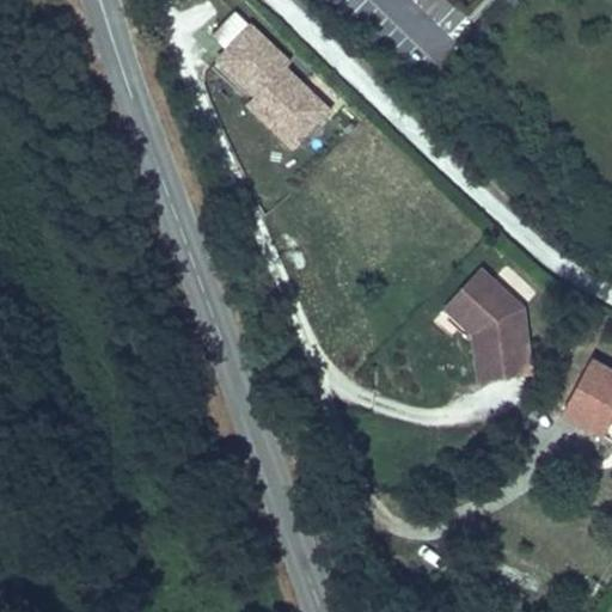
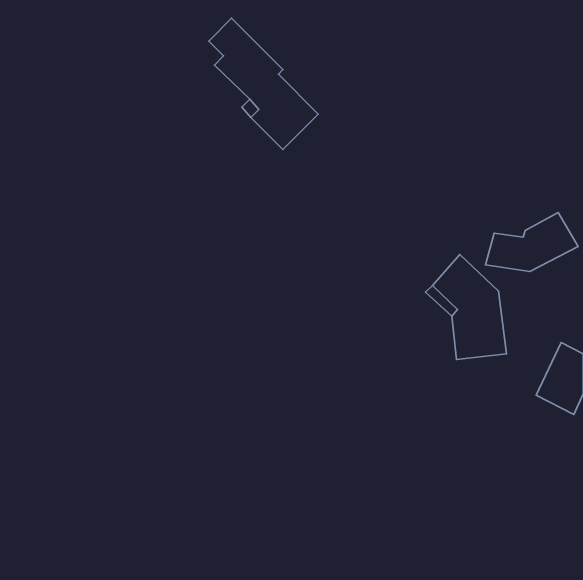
building: none -> [485,213,578,271]

